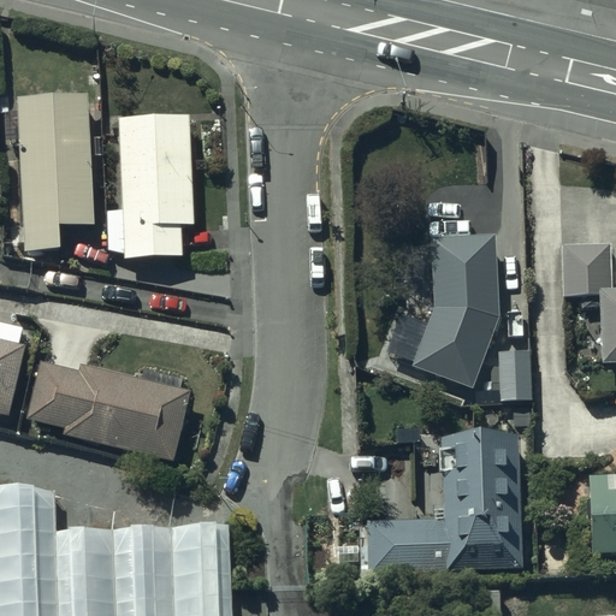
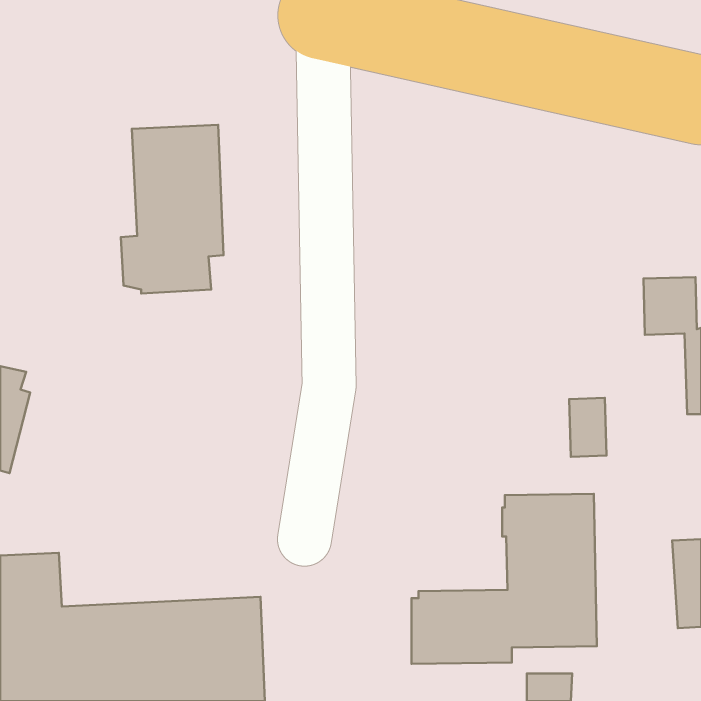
building: [17,93,94,250] -> none
building: [386,227,521,386] -> none
building: [26,360,191,461] -> none

